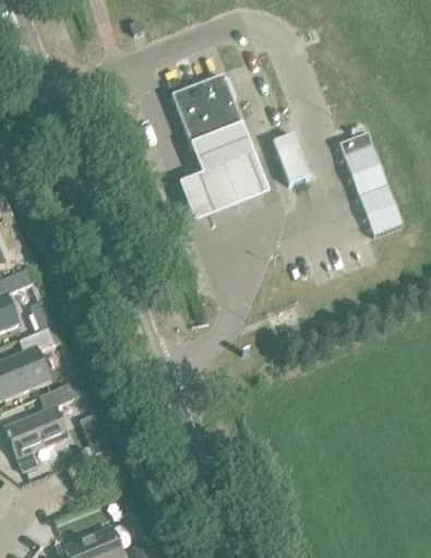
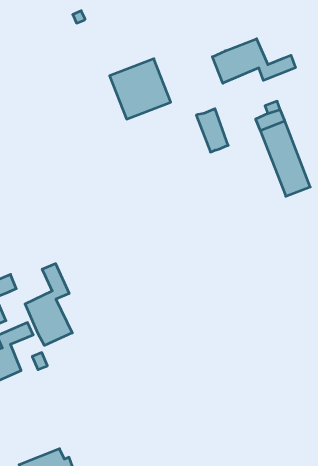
building: none -> [212,39,295,83]
building: [179,124,268,222] -> none
building: none -> [25,264,72,345]

